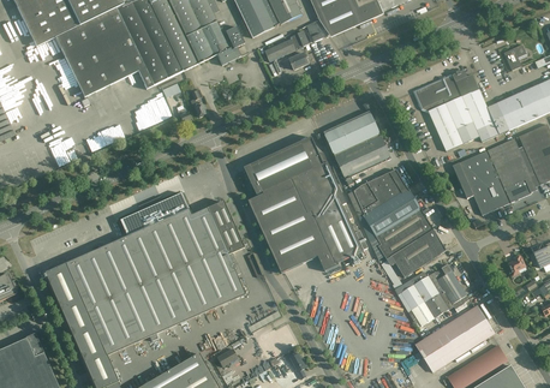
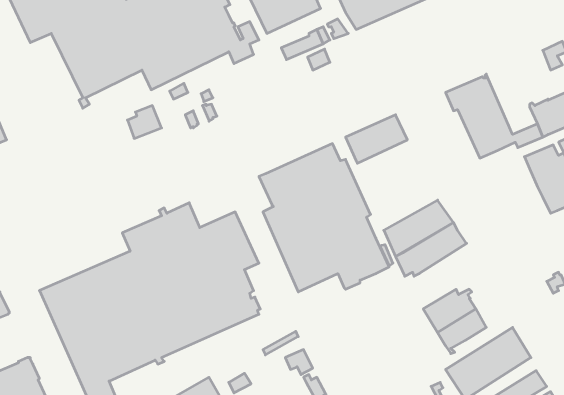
building: [453,68,500,129] -> none
building: [335,133,391,184] -> none
building: [453,150,510,214] -> none
building: [348,168,408,216] -> none
building: [391,228,447,276] -> none
building: [436,263,470,308] -> none

